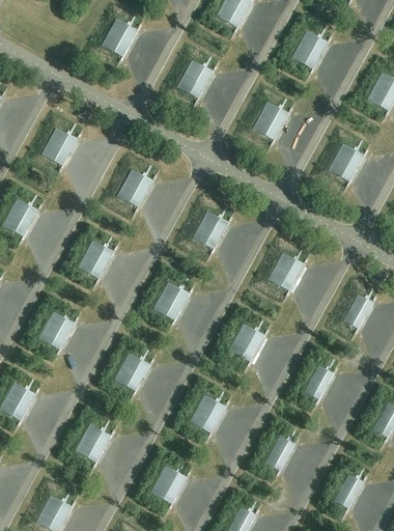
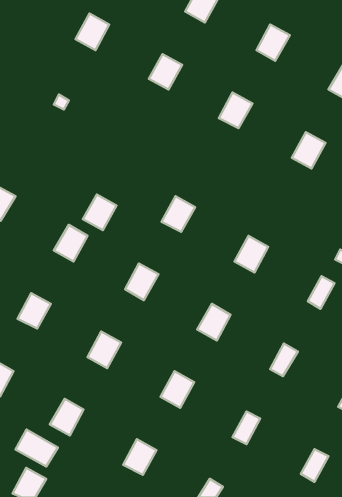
building: [39,127,75,165] -> none
building: [116,169,151,206] -> [83,194,117,230]
building: none -> [15,429,58,466]

